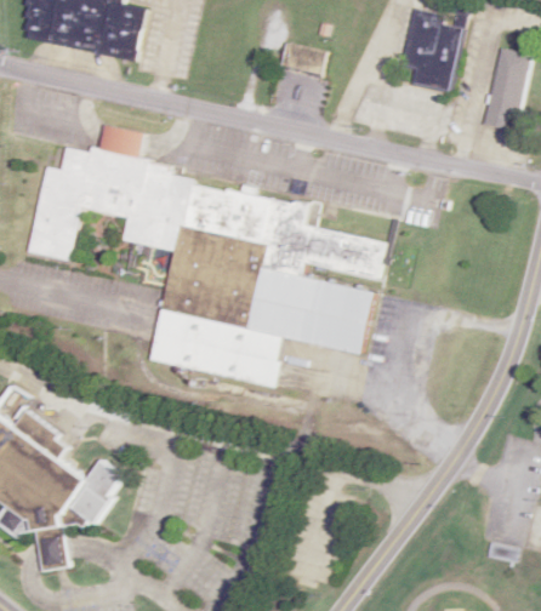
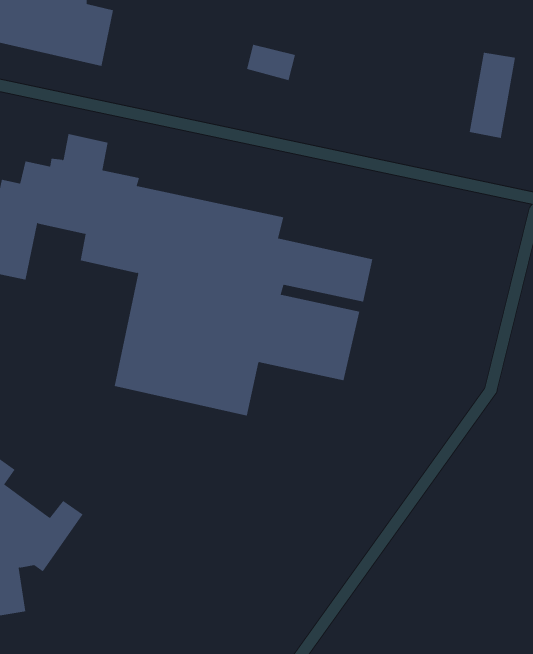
building: [392,7,459,91] -> none

